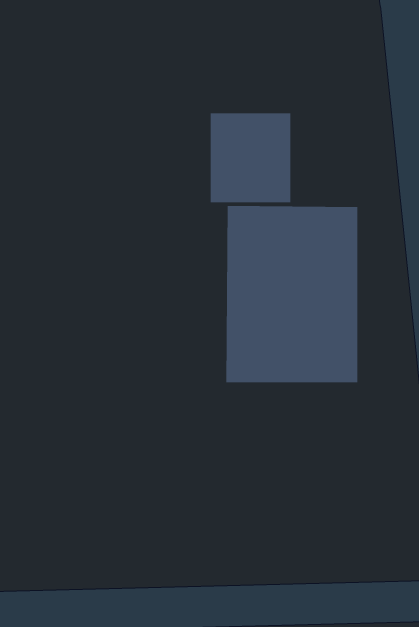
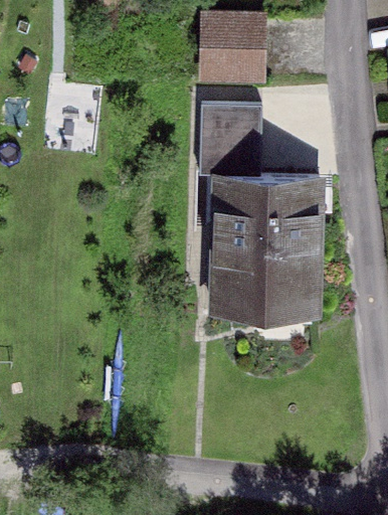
building: none -> [192,24,256,82]

